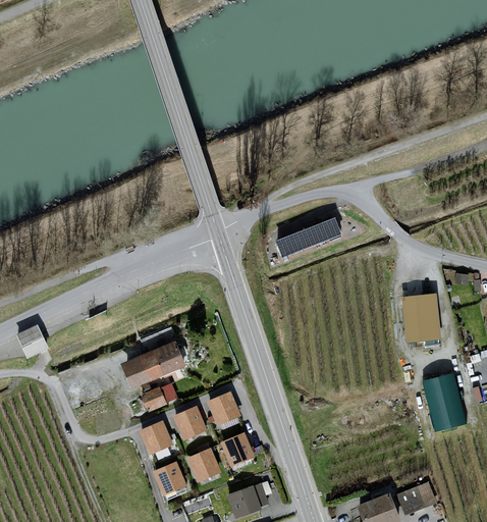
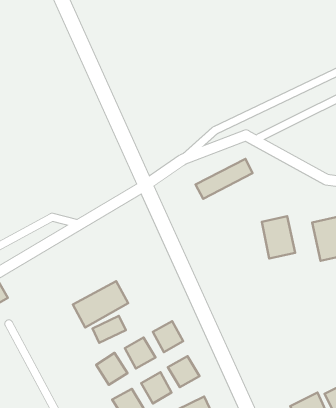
building: none -> [262,216,295,259]

